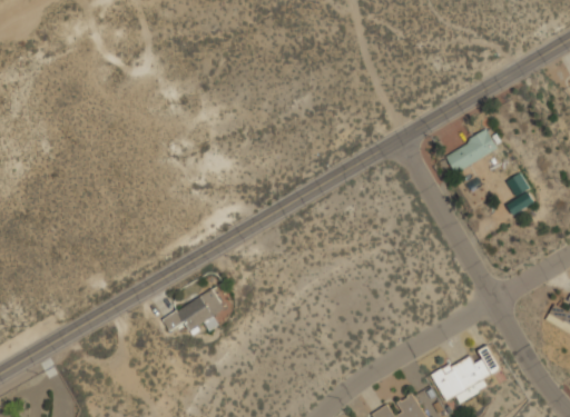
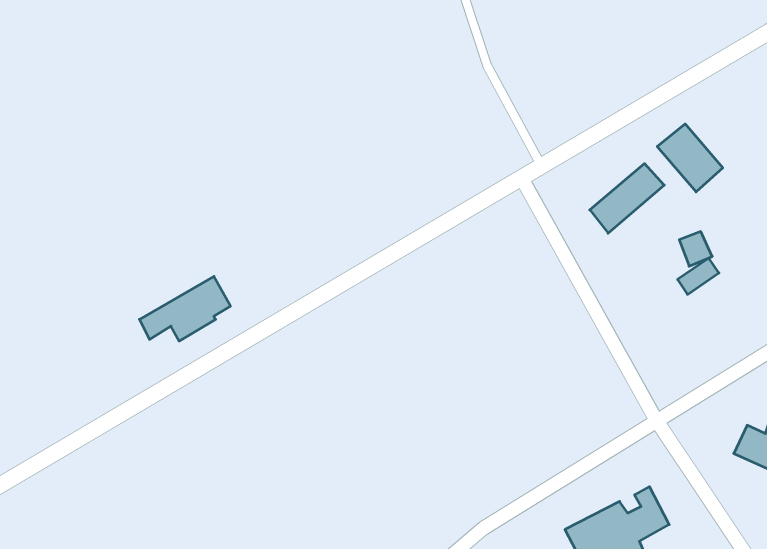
building: none -> [657,124,723,192]
building: [164,289,225,332] -> [139,276,230,341]

